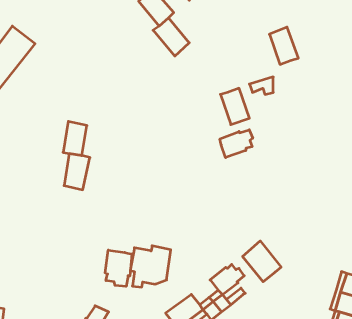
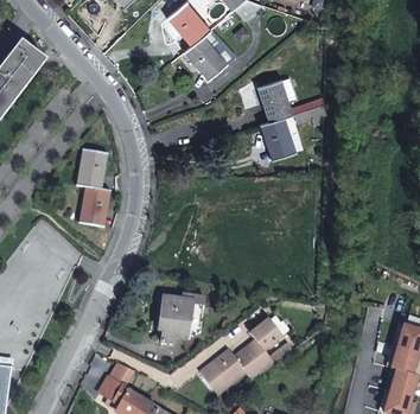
building: [269,27,298,64] -> [256,76,289,119]
building: [220,130,253,158] -> none
building: [243,241,281,282] -> none
building: [105,250,132,286] -> none

